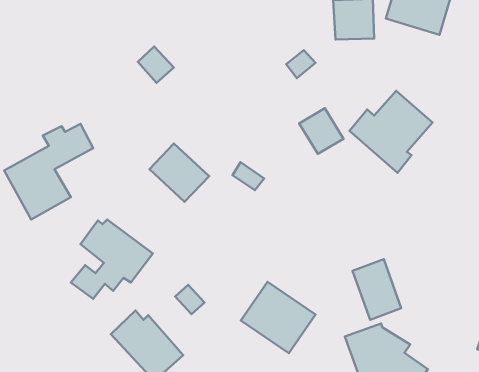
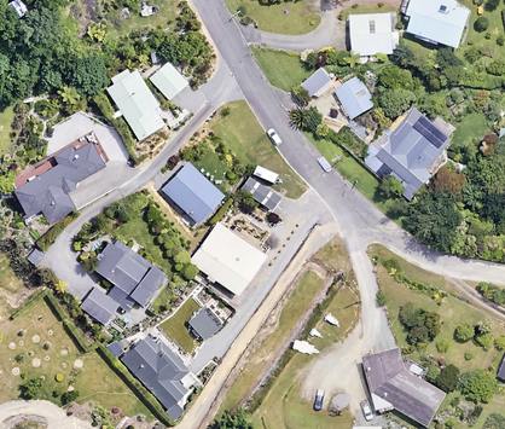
building: none -> [105,70,157,139]
building: [299,108,344,154] -> [331,73,377,120]
building: [353,259,401,320] -> none
building: [241,282,316,353] -> [187,222,265,296]

